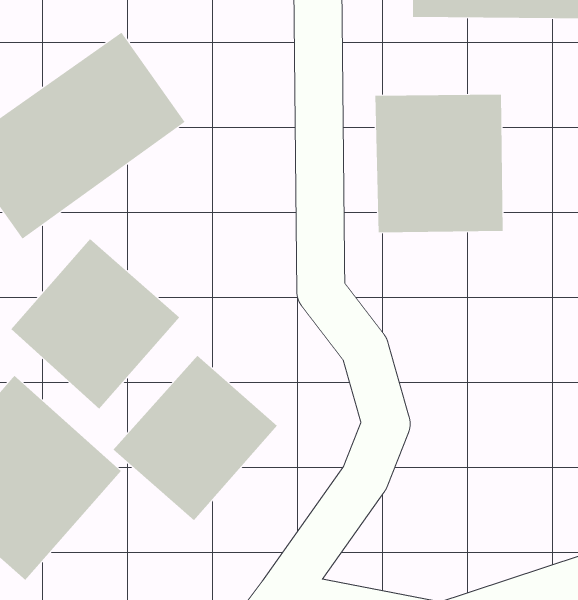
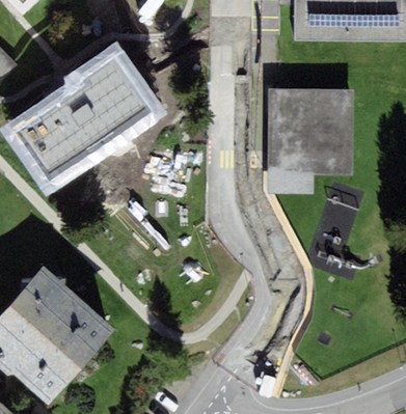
building: [10,238,180,409] -> none
building: [113,355,278,521] -> none

